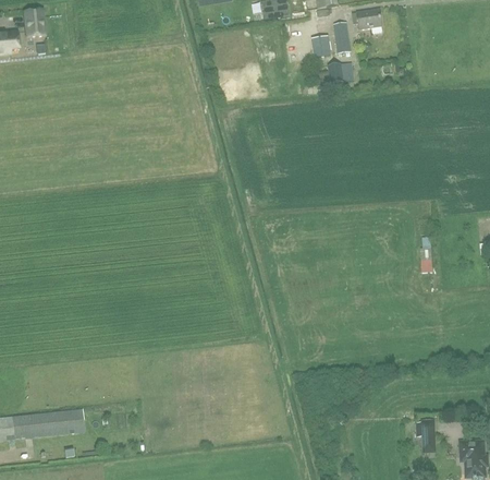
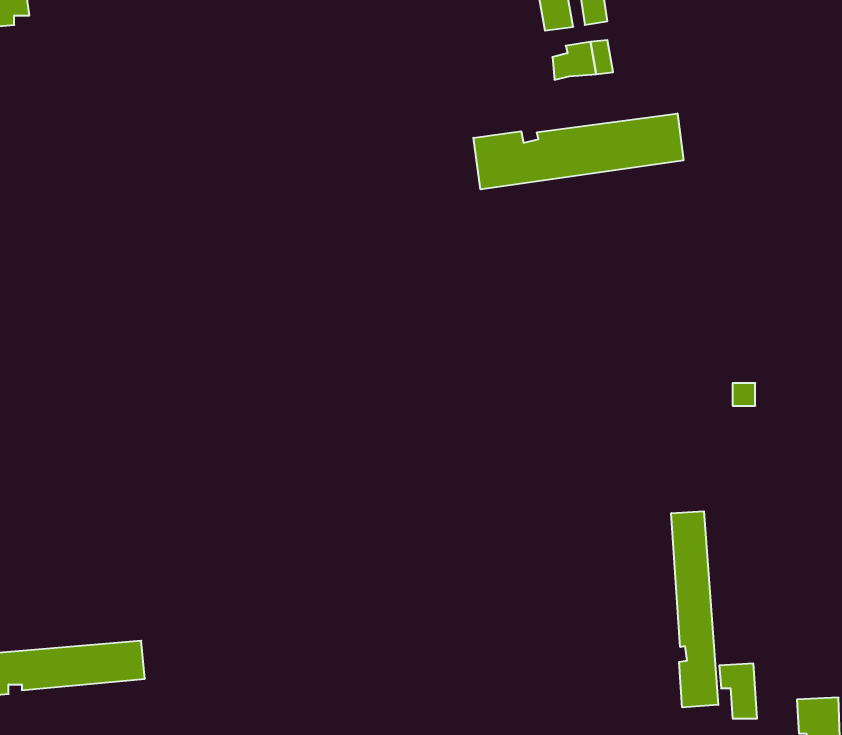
building: none -> [473,113,683,189]
building: none -> [671,511,718,707]

